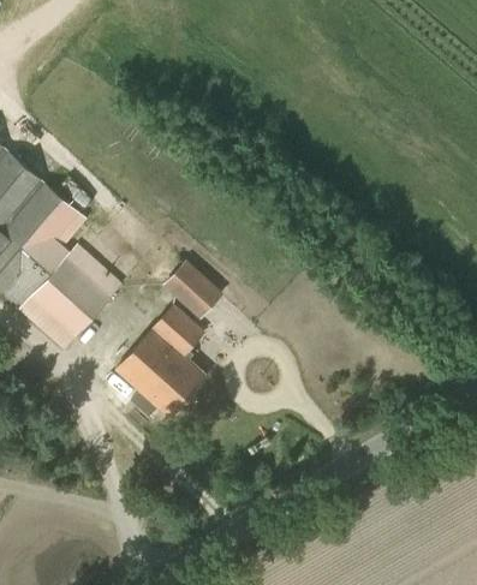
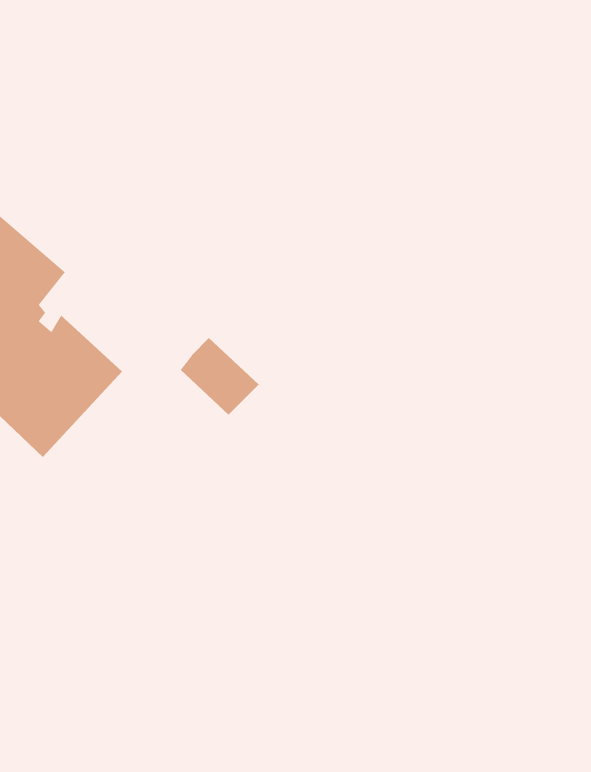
building: [114,305,207,419] -> none

